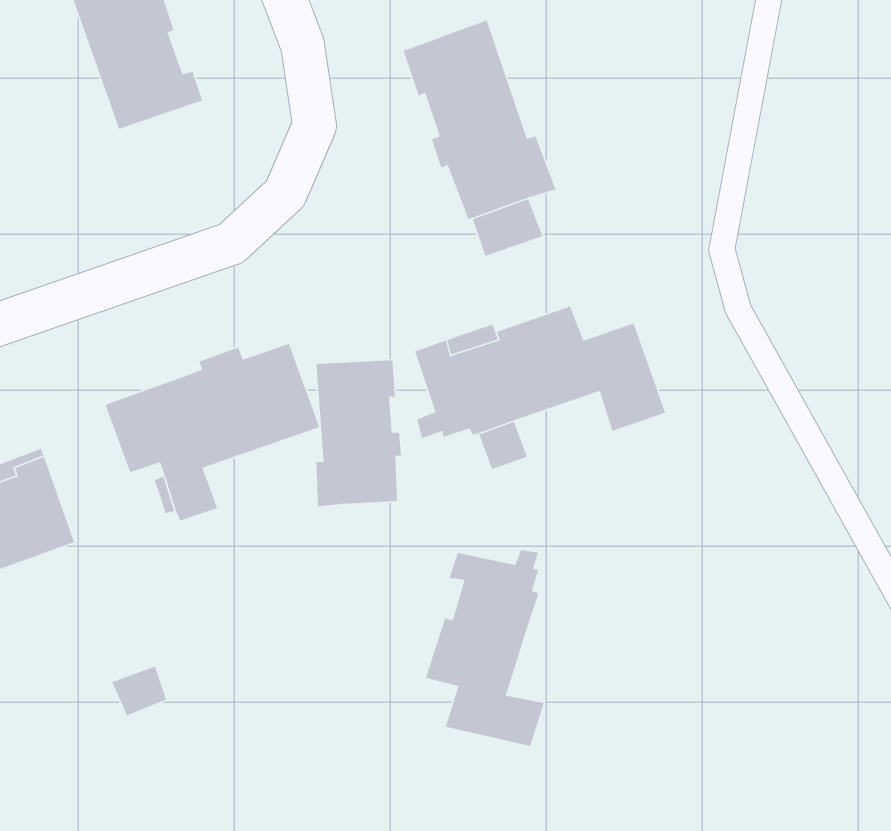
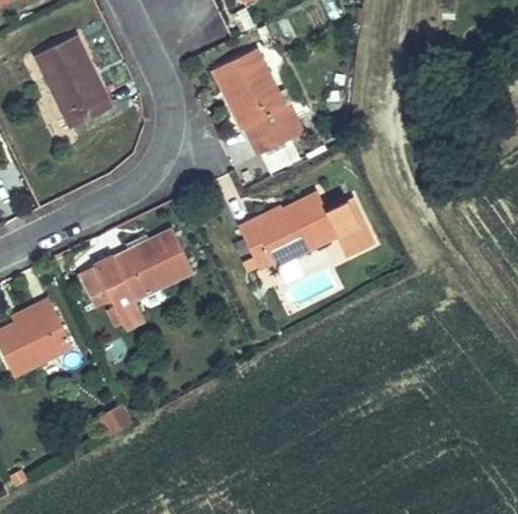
building: [315,360,402,507] -> none
building: [425,549,545,747] -> none

